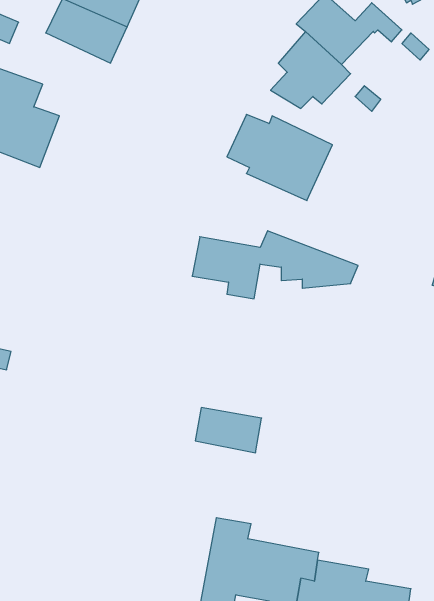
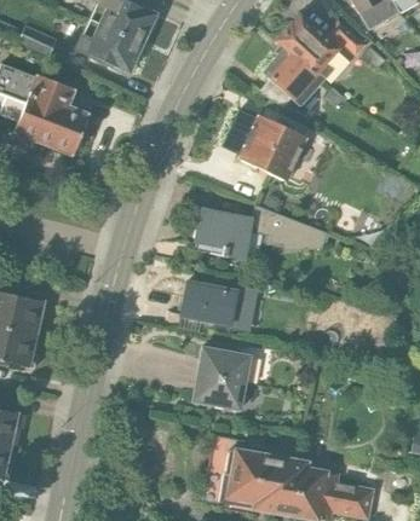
building: none -> [182,282,241,326]
building: none -> [194,374,247,410]

